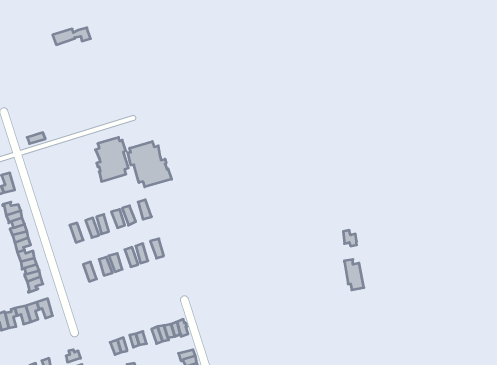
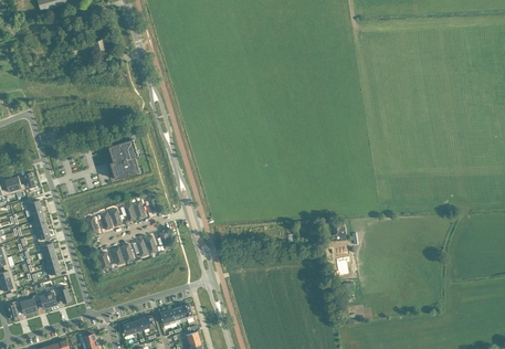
building: [128,141,172,187] -> none

